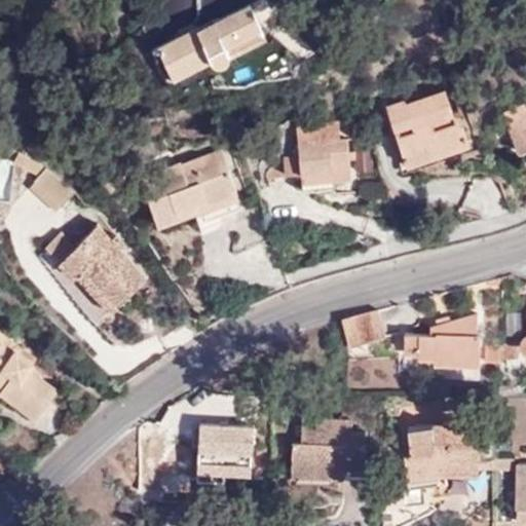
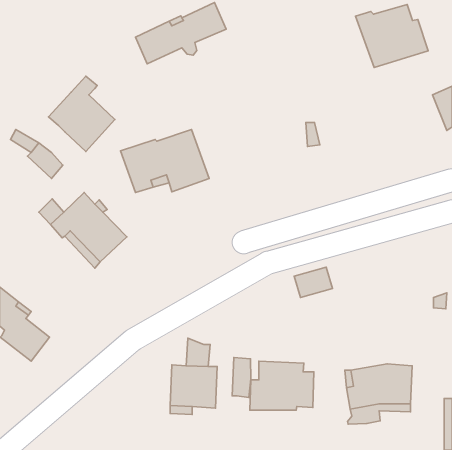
building: none -> [49,76,115,152]
building: [384,95,468,167] -> [356,5,428,68]
building: [284,125,351,193] -> none
building: [404,315,479,365] -> none
building: none -> [232,357,251,397]

